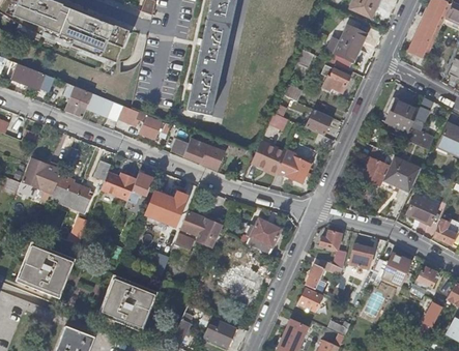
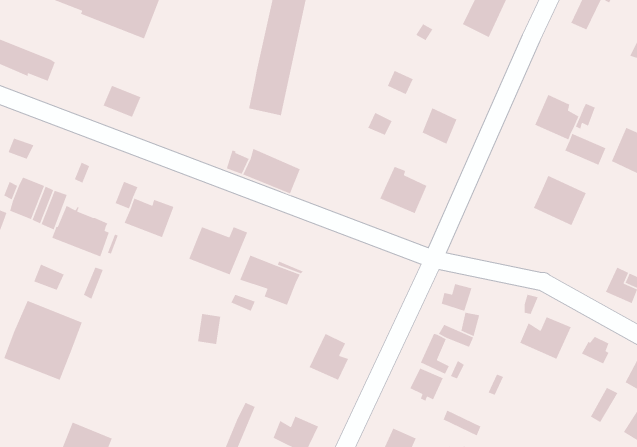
building: [322,65,350,92] -> none
building: [67,87,92,117] -> none
building: [120,107,171,139] -> none
building: [245,141,287,181] -> none
building: [361,150,390,186] -> none
building: [128,173,154,204] -> none
building: [406,196,439,226] -> none
building: [250,218,281,247] -> none
building: [349,244,373,269] -> none
building: [101,275,155,331] -> none

